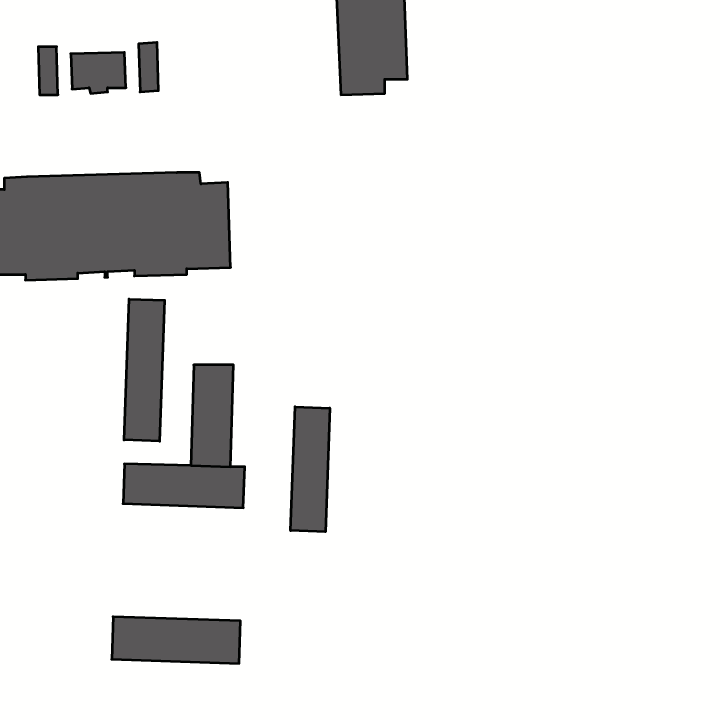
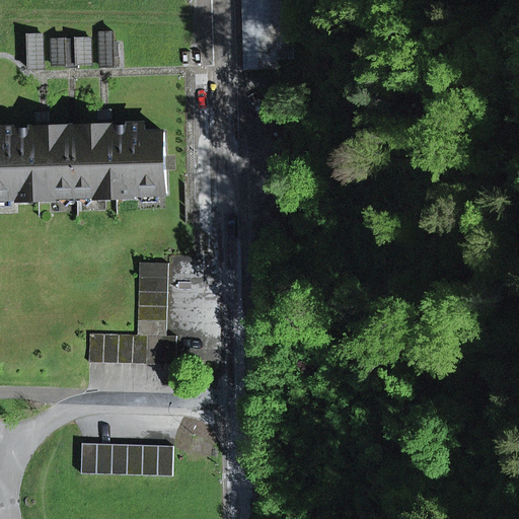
building: [124,299,165,441] -> none
building: [291,407,330,532] -> none

